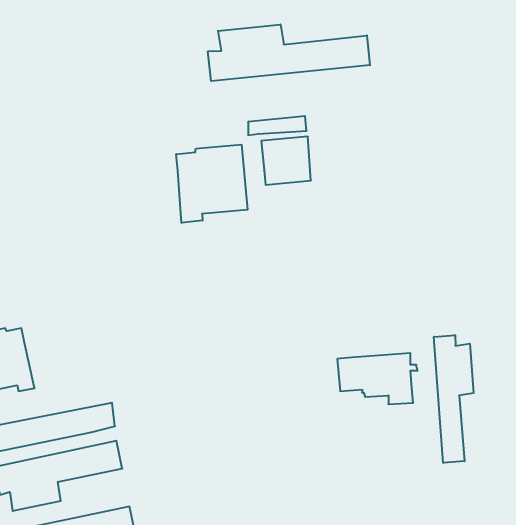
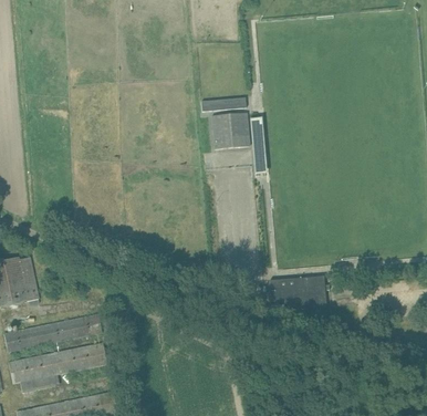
building: [208,24,370,81] -> none
building: [176,145,248,223] -> none
building: [434,335,473,463] -> none

